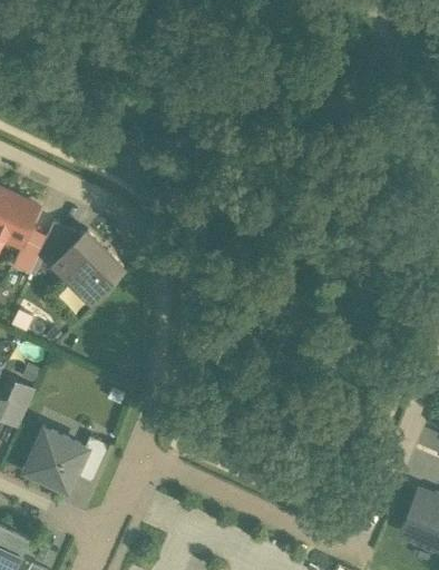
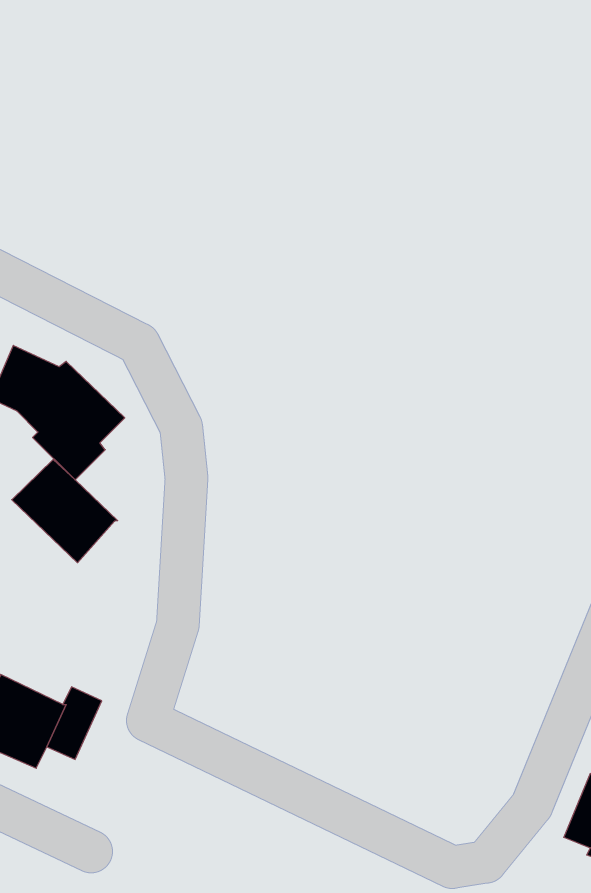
building: none -> [12,460,118,563]

